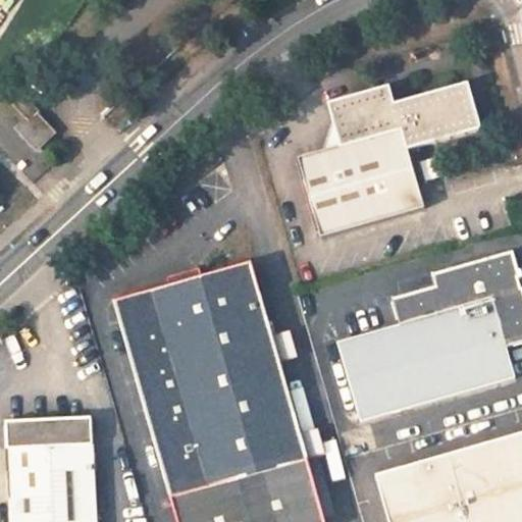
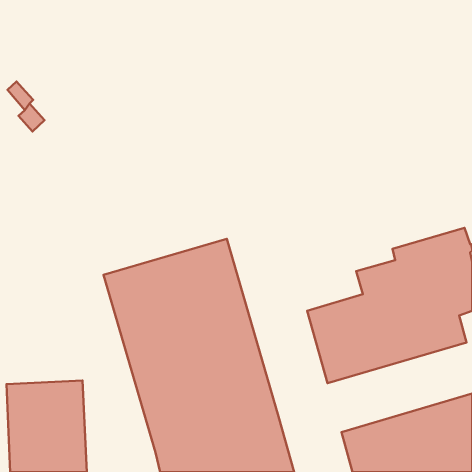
building: [297,84,478,238] -> none

